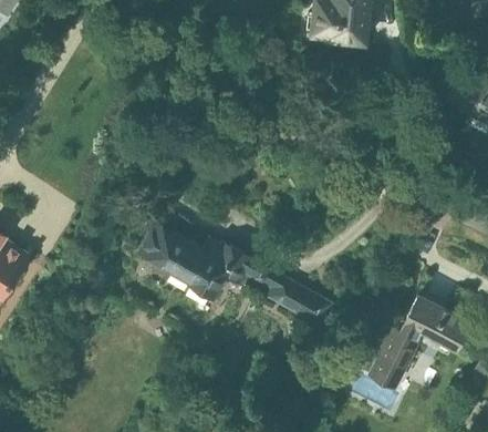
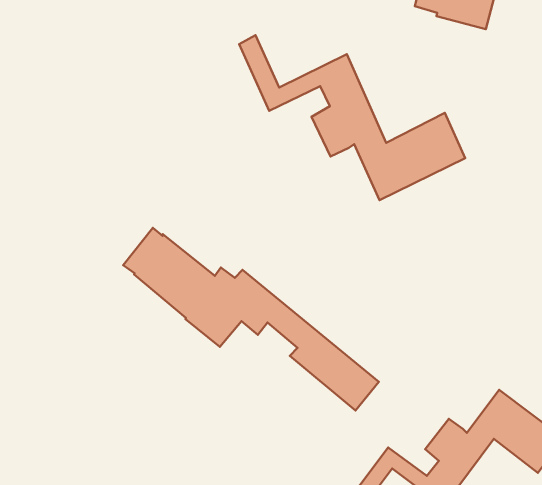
building: none -> [239,35,465,200]

